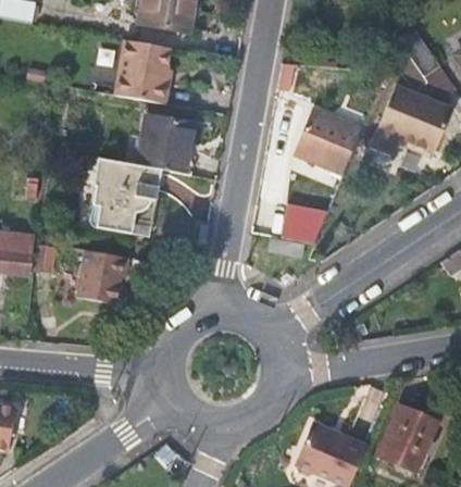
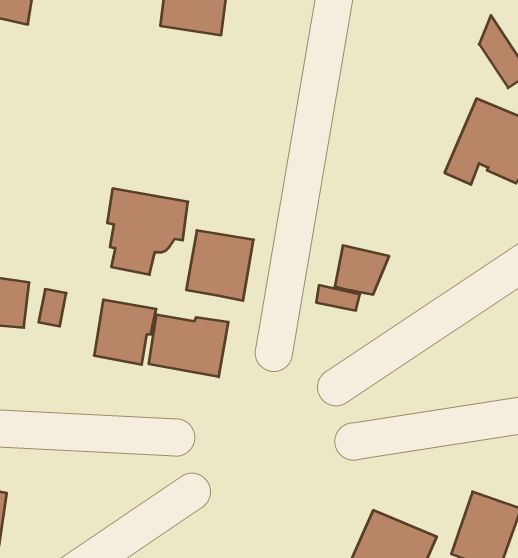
building: [115,40,170,104] -> none
building: [294,112,361,175] -> none
building: [136,116,191,174] -> [186,230,254,301]
building: none -> [149,314,228,377]

